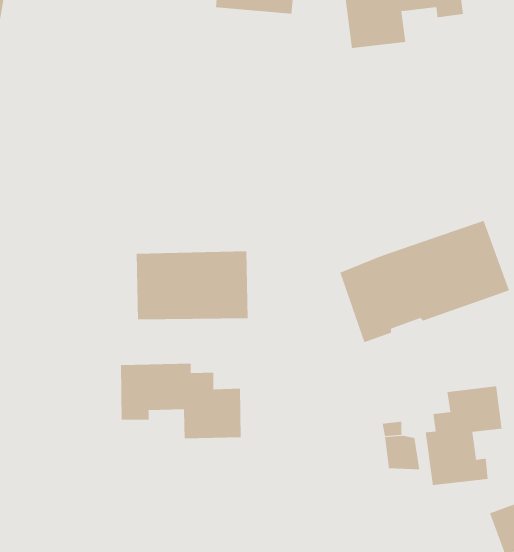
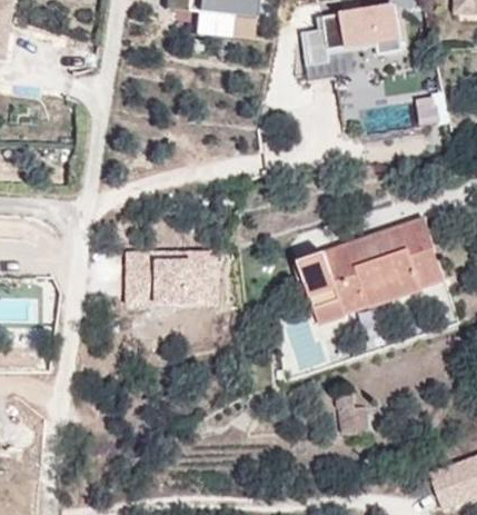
building: [121,363,241,439] -> none
building: [425,385,502,486] -> none

